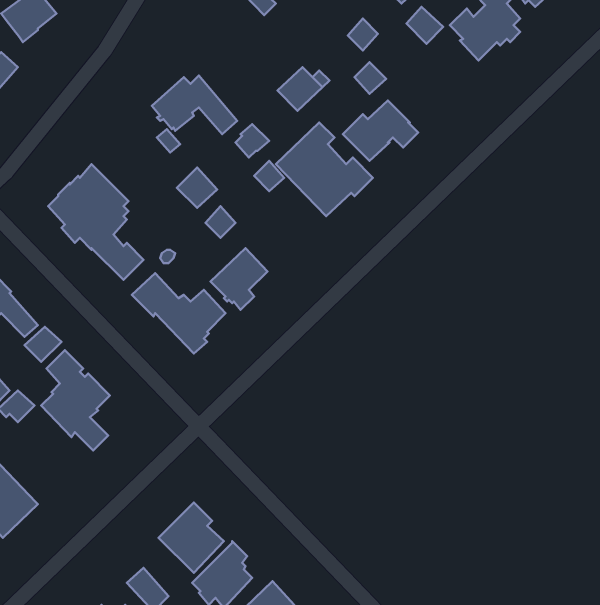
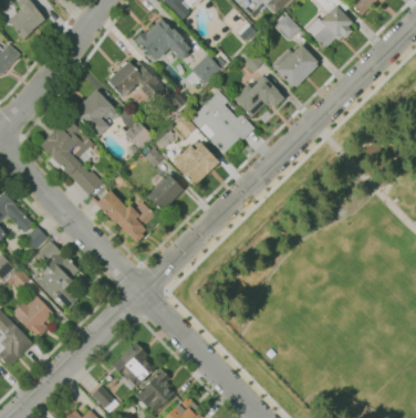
building: none -> [135,18,189,61]
building: none -> [271,43,318,86]
building: none -> [72,90,118,136]
building: none -> [170,140,218,186]
building: none -> [12,293,53,338]

